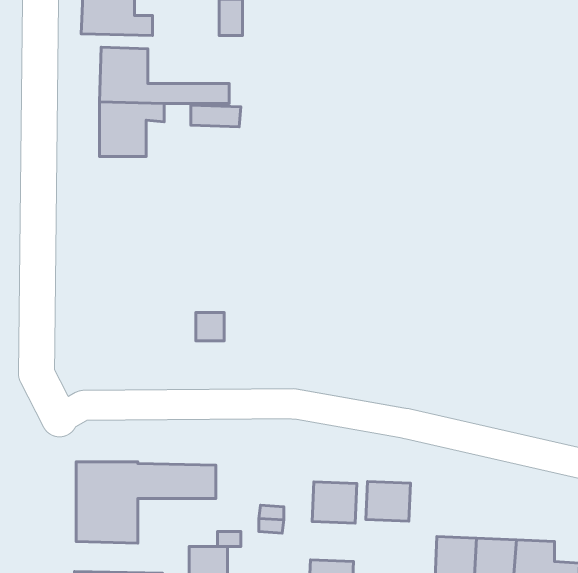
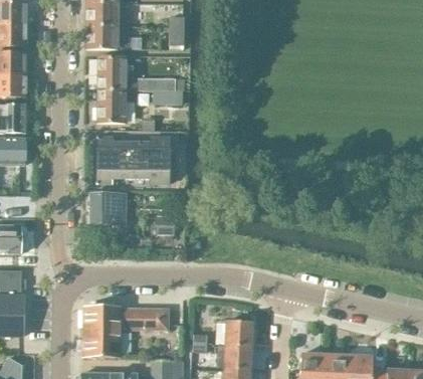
building: none -> [95,137,169,185]
building: none -> [89,194,126,224]
building: [366,481,411,521] -> [224,344,251,368]

